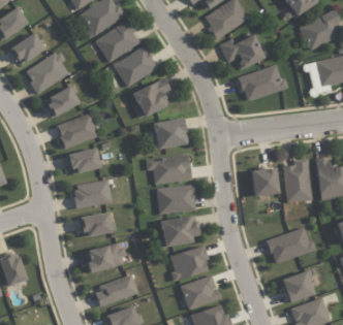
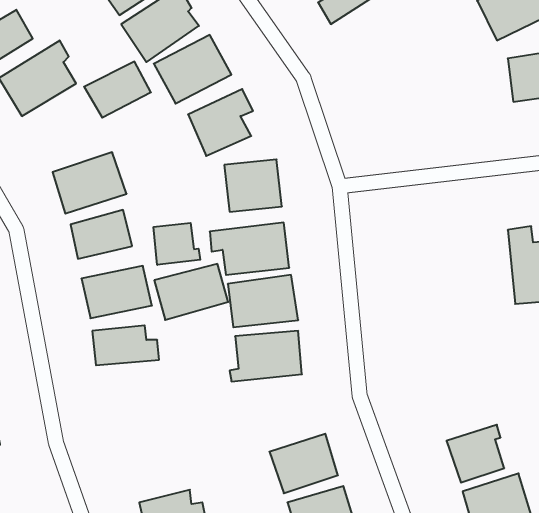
building: [218,35,263,69] -> none
building: [237,66,287,102] -> none
building: [41,86,80,118] -> [84,62,151,118]
building: none -> [154,223,200,265]
building: [282,160,310,203] -> none
building: [251,169,277,196] -> none
building: [264,228,315,264] -> none
building: [83,242,125,274] -> [154,264,228,320]
building: [167,246,206,281] -> none
building: [93,277,137,306] -> none

